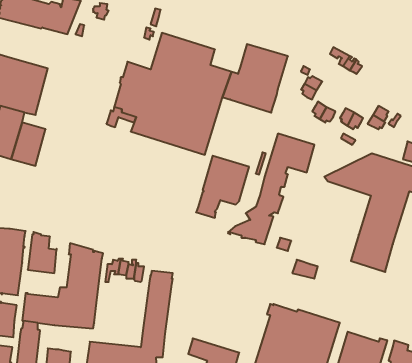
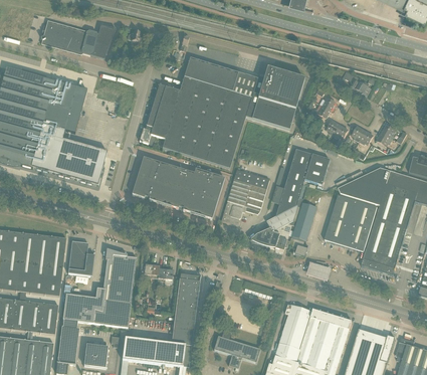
building: none -> [74,145,106,184]
building: none -> [131,157,223,218]
building: none -> [324,194,376,251]
building: none -> [290,201,315,240]

